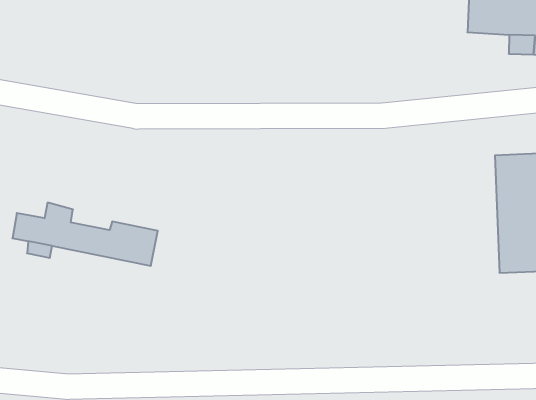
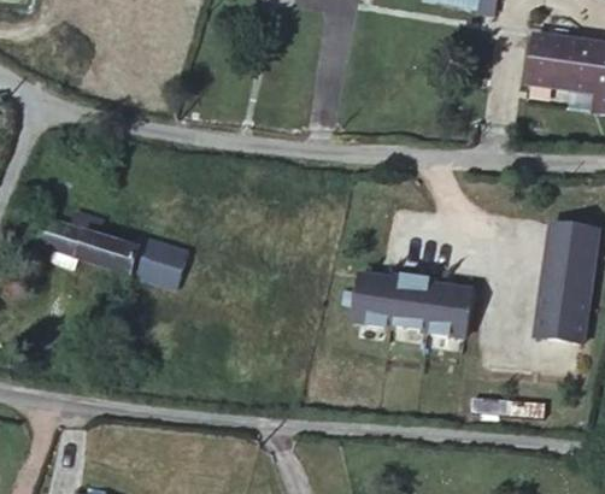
building: none -> [350,266,470,330]

